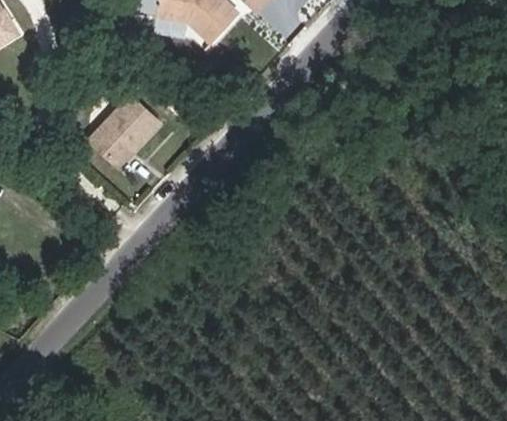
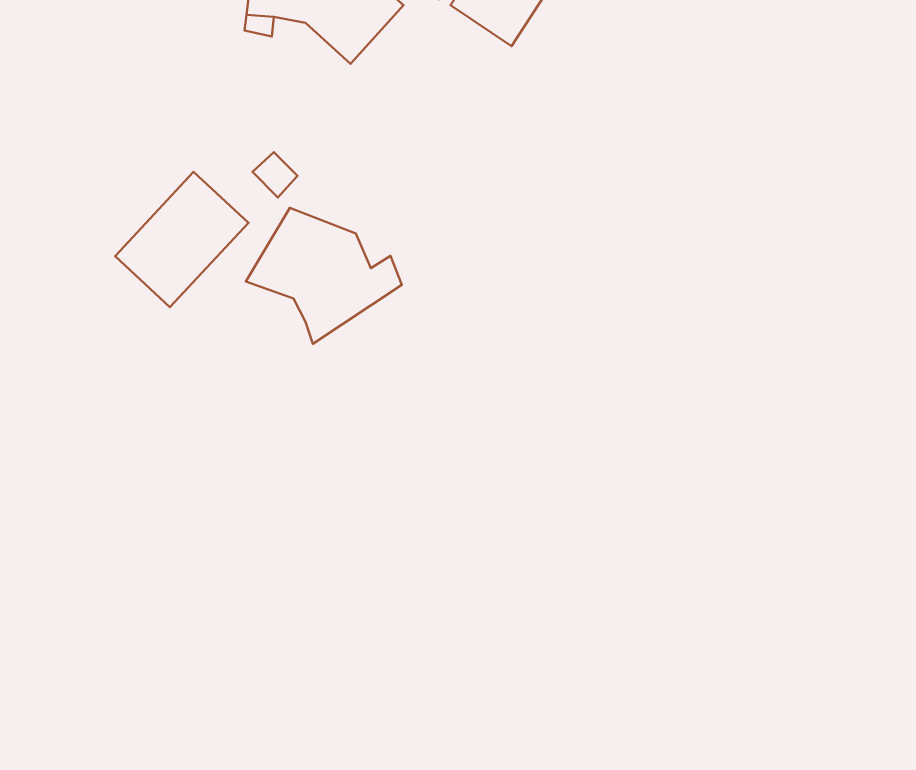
building: none -> [246,208,402,344]

